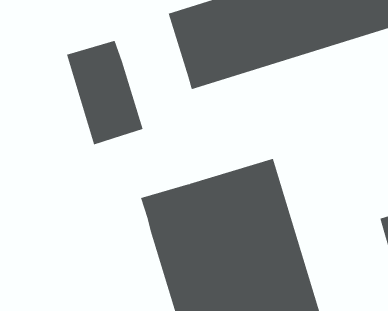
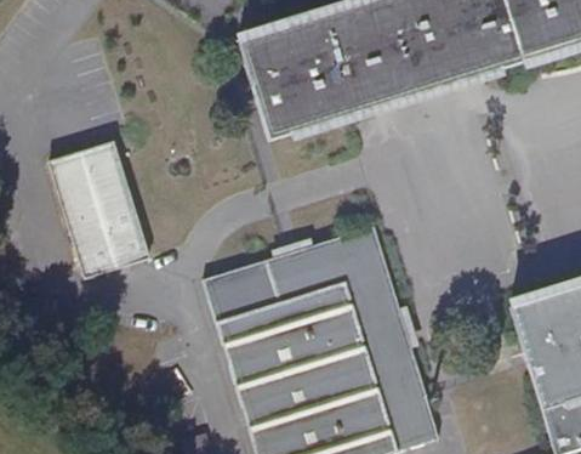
building: [66,40,144,145] -> [50,141,149,276]

